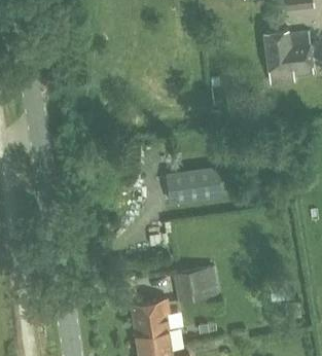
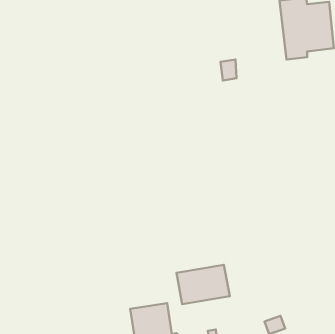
building: [166,169,221,204] -> none

